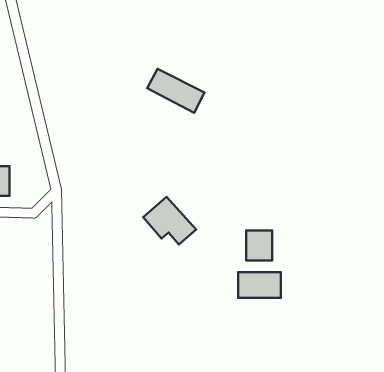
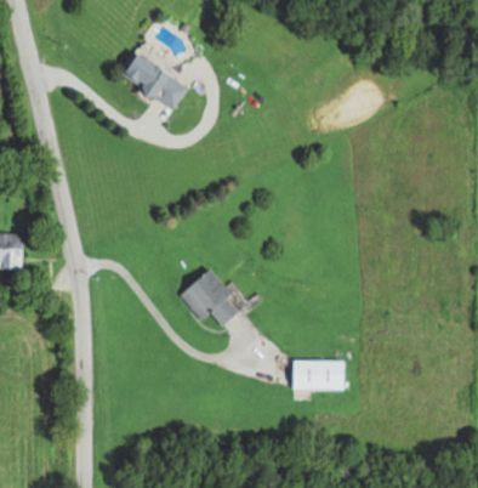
building: [147,69,204,113] -> [120,55,188,107]
building: [246,231,272,260] -> none

